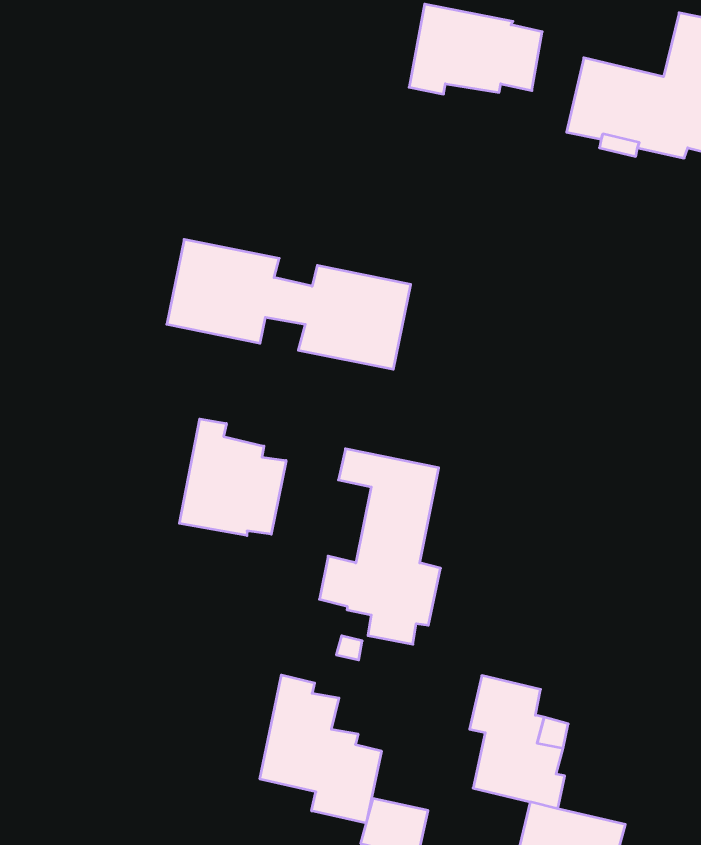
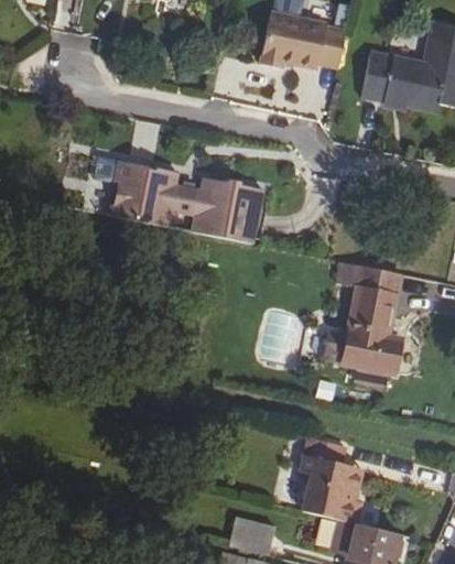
building: [179,419,286,536] -> none
building: [319,449,441,644] -> [324,263,401,388]
building: [260,675,381,823] -> none

